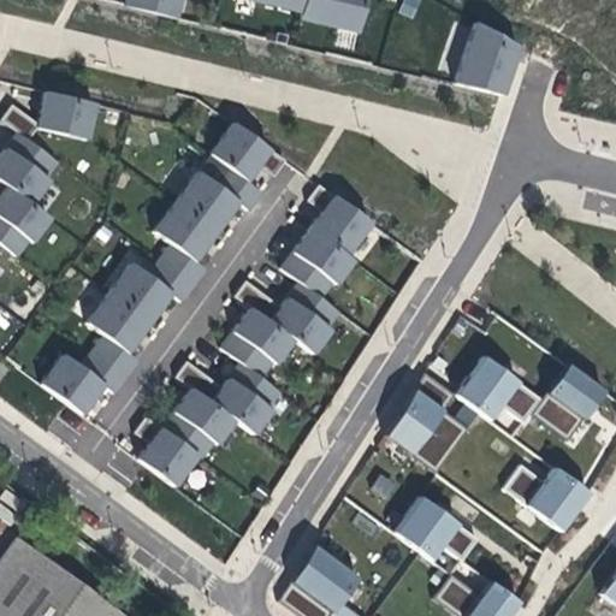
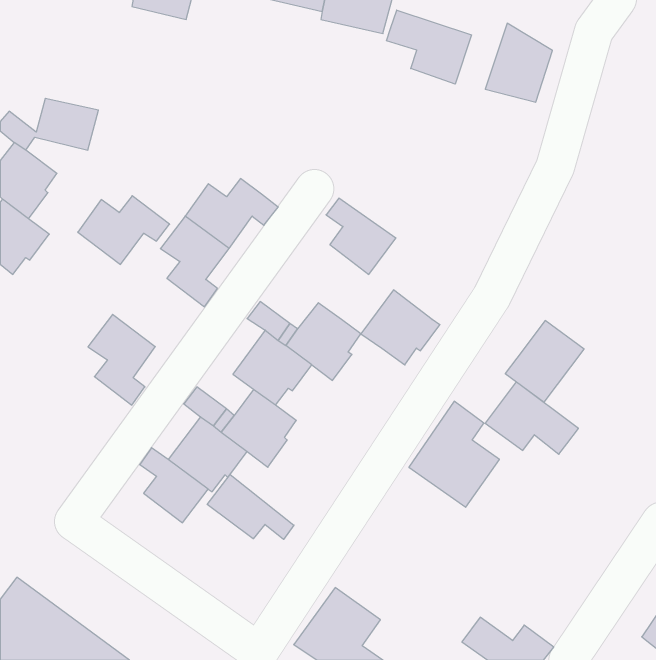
building: none -> [386,10,471,84]
building: [211,123,286,180] -> none
building: [282,227,355,297] -> [361,290,440,365]
building: [109,259,195,322] -> [78,196,170,264]
building: [42,350,128,414] -> none
building: [532,363,605,439] -> [505,321,584,402]
building: none -> [207,474,294,539]
building: [505,464,590,529] -> none
building: [395,496,479,559] -> none

